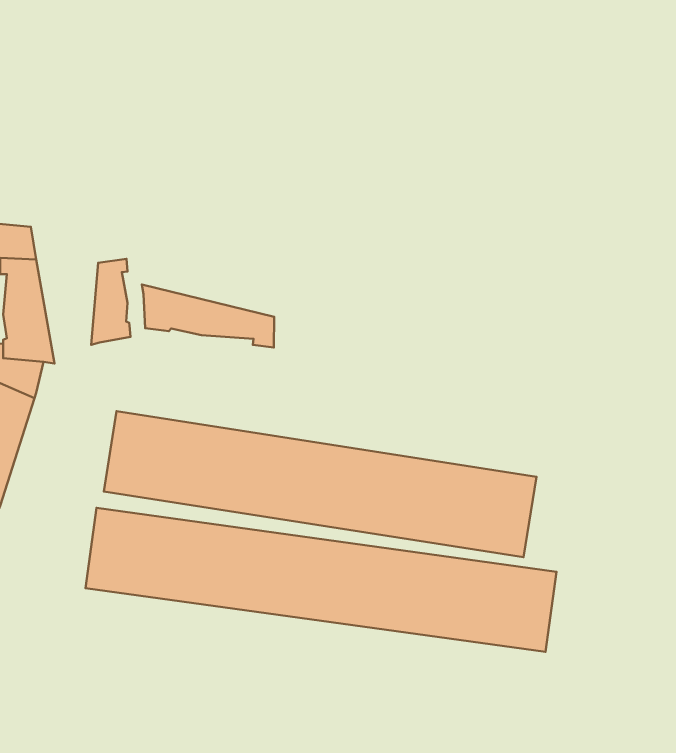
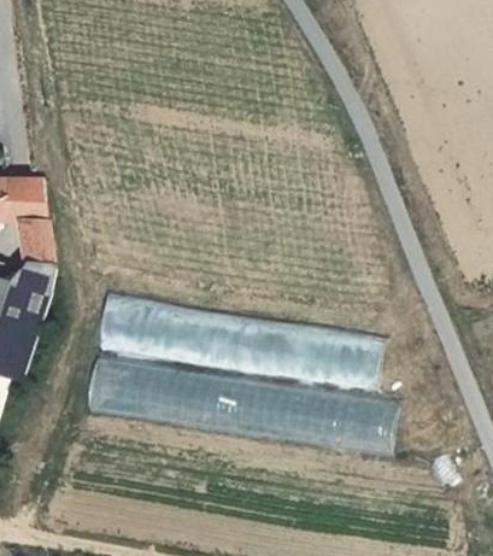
building: [91,259,130,345] -> none
building: [142,285,274,348] -> none

